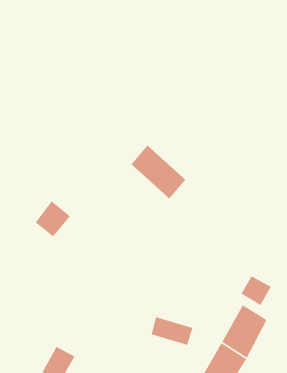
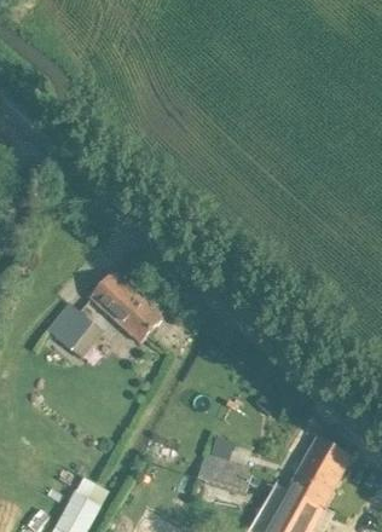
building: [130,145,186,199] -> [91,272,163,343]
building: [240,275,272,306] -> none

